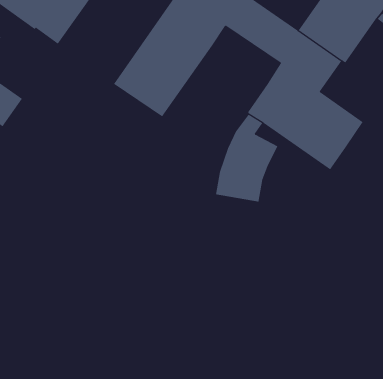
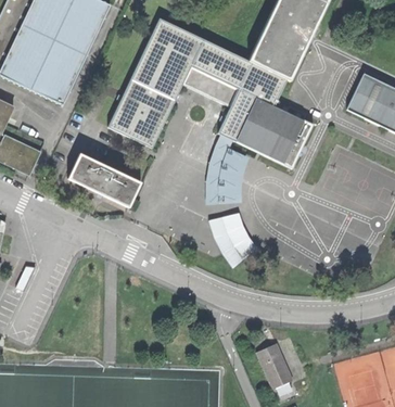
building: none -> [182,66,238,106]
building: none -> [66,152,139,206]
building: none -> [207,211,255,266]

